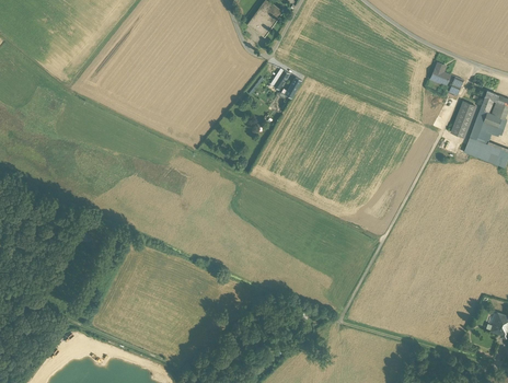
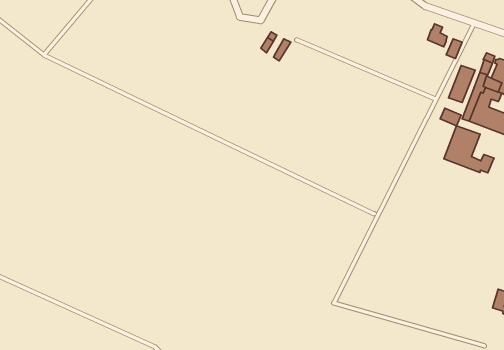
building: none -> [444,126,494,173]

